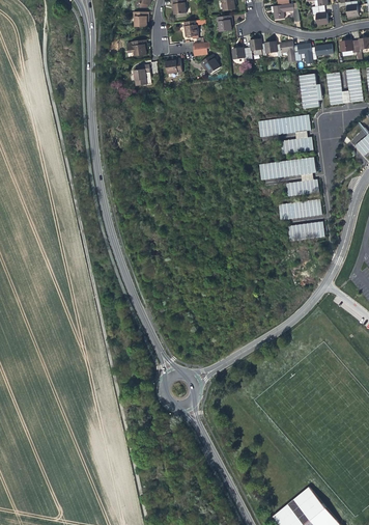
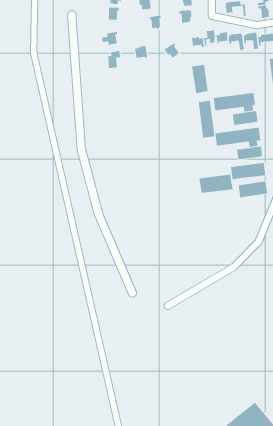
building: [299,74,319,109] -> [191,64,208,94]
building: none -> [198,100,215,139]
building: none -> [199,174,233,194]

